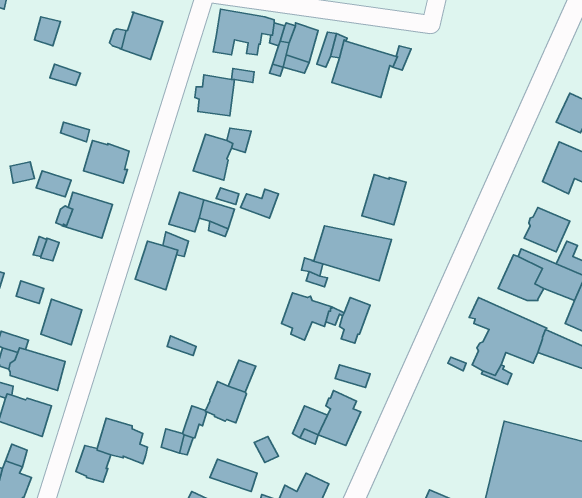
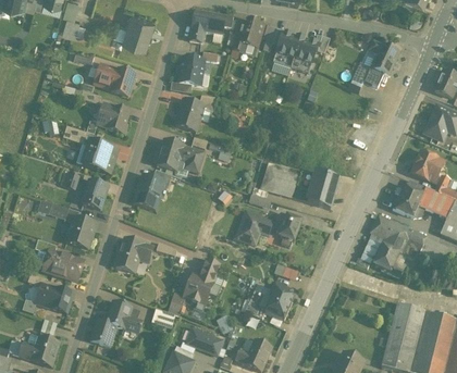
building: none -> [363,40,398,87]
building: none -> [92,64,135,96]
building: [362,175,406,225] -> [307,174,338,210]
building: none -> [81,179,108,210]
building: none -> [114,238,152,273]

